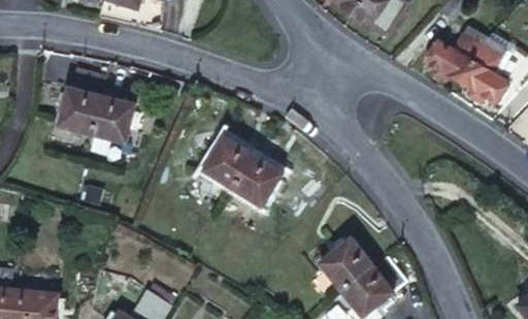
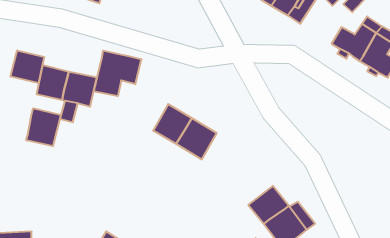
building: none -> [11,50,44,83]
building: none -> [94,51,141,96]
building: none -> [26,108,61,146]

